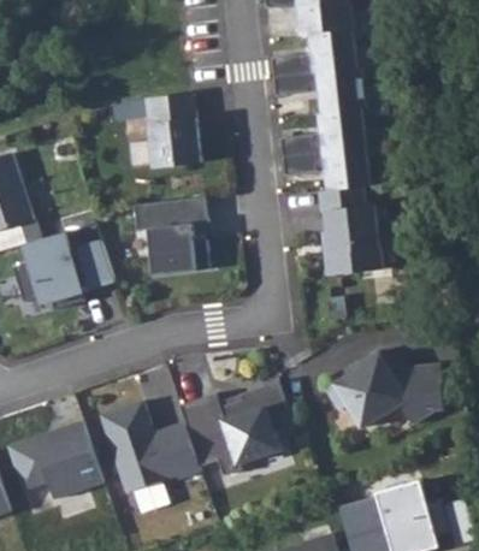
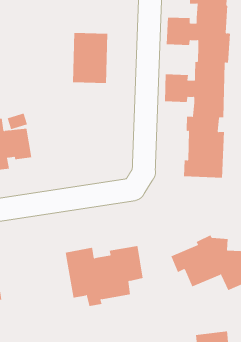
building: [132,195,208,274] -> none
building: [99,399,200,491] -> none

